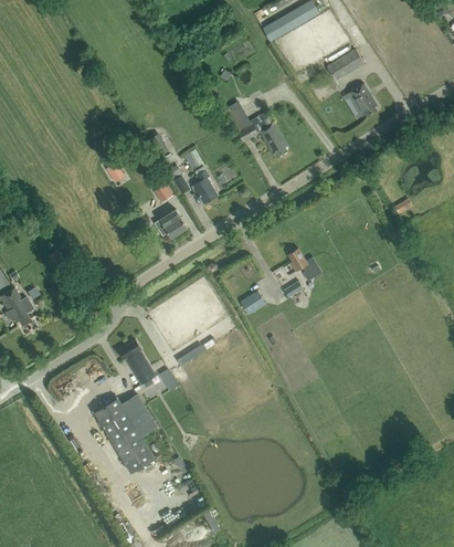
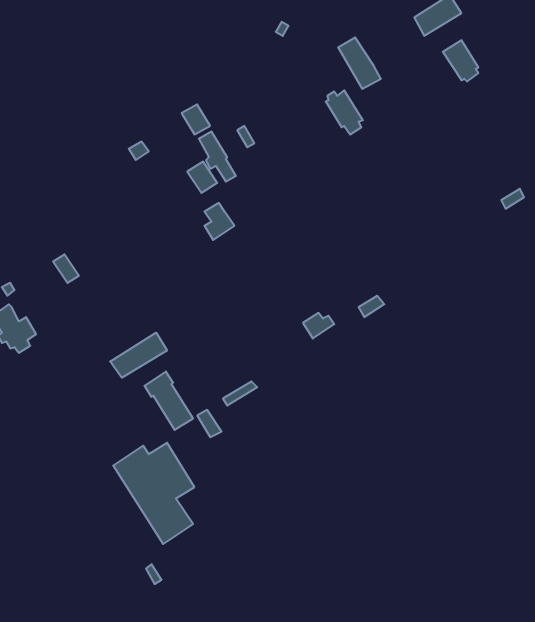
building: [224,101,257,140] -> [338,37,381,89]
building: [192,166,217,202] -> none
building: [288,248,321,281] -> none
building: none -> [110,333,167,378]

